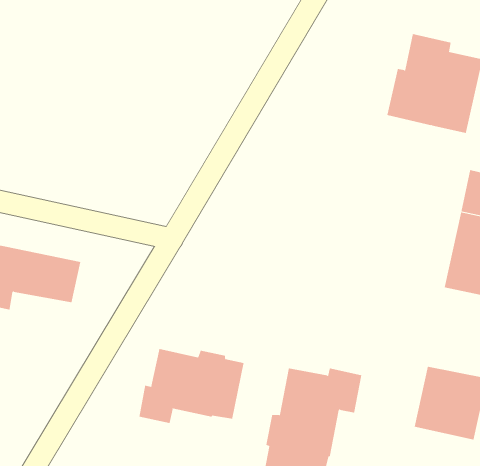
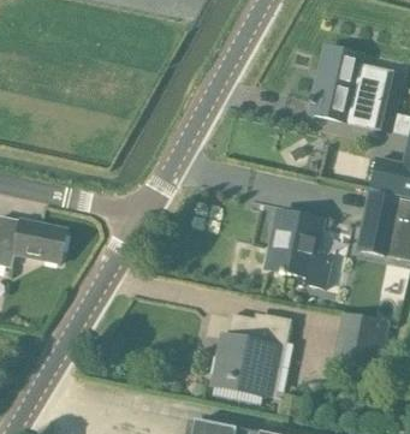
building: none -> [266,212,331,289]
building: [139,348,244,424] -> none

